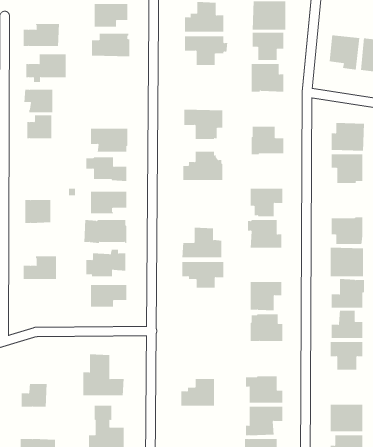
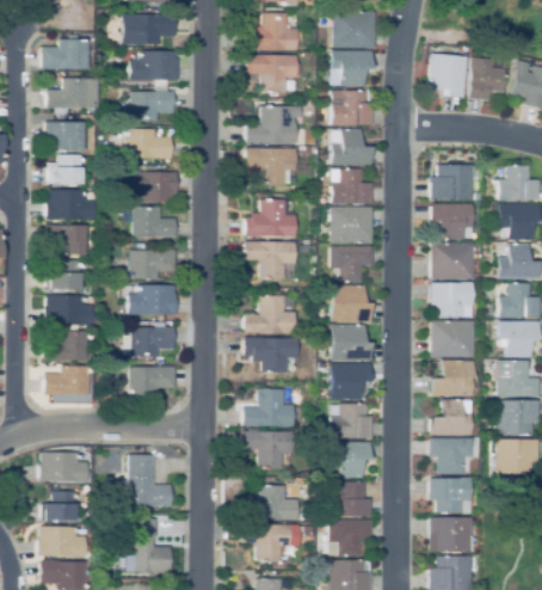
building: none -> [122,87,175,121]
building: none -> [248,106,298,143]
building: none -> [127,129,173,158]
building: none -> [332,129,372,165]
building: none -> [48,190,94,220]
building: none -> [331,207,374,244]
building: none -> [48,225,85,254]
building: none -> [246,241,296,279]
building: none -> [432,242,474,279]
building: none -> [45,295,94,325]
building: none -> [331,324,372,361]
building: none -> [45,365,91,395]
building: none -> [244,389,295,426]
building: none -> [244,431,295,468]
building: none -> [331,442,371,478]
building: none -> [41,451,88,483]
building: none -> [431,477,473,512]
building: none -> [244,524,301,561]
building: none -> [38,527,87,557]

